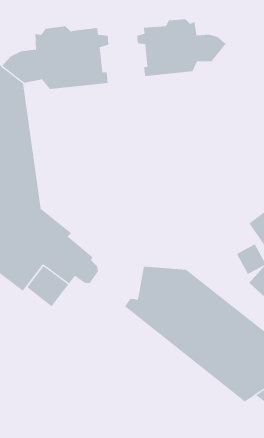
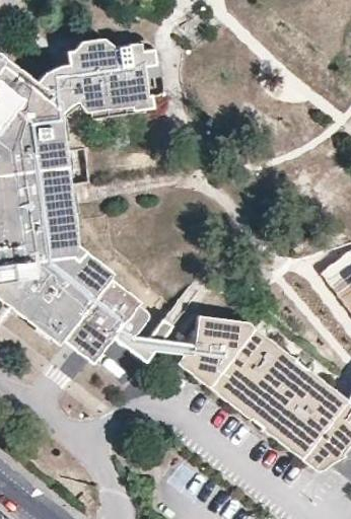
building: [136,19,227,77] -> none
building: none -> [113,328,194,362]

